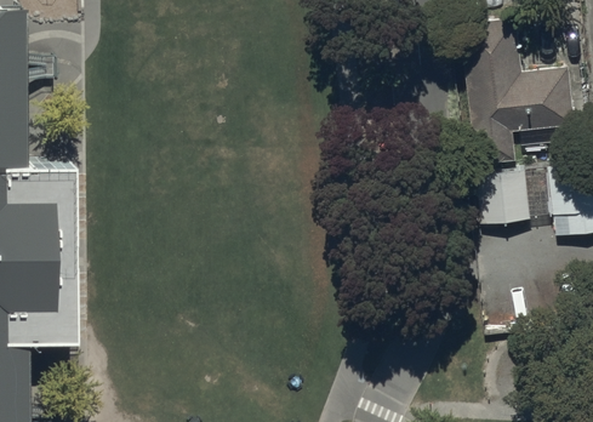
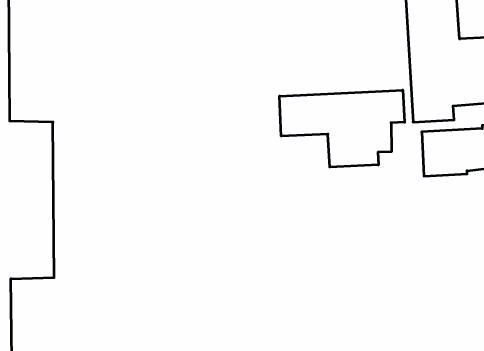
building: none -> [280,90,405,167]

